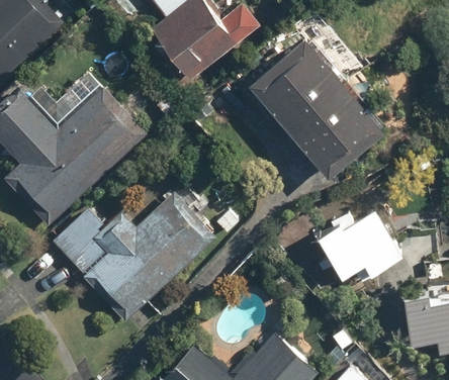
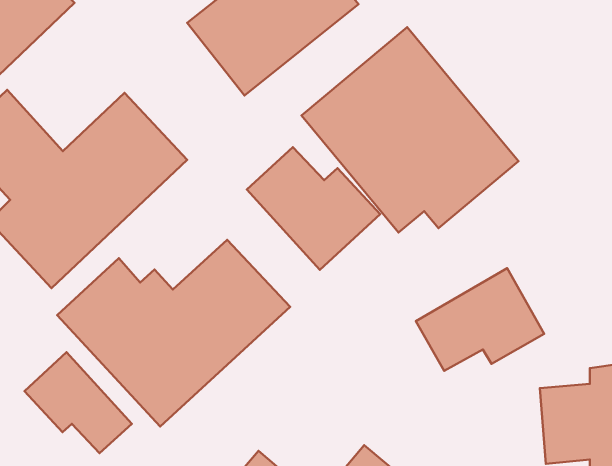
building: none -> [247,147,380,270]
building: none -> [24,352,132,453]

